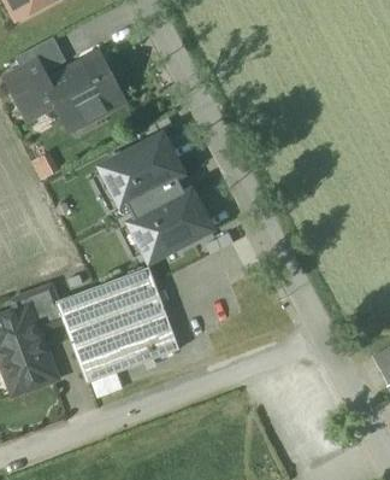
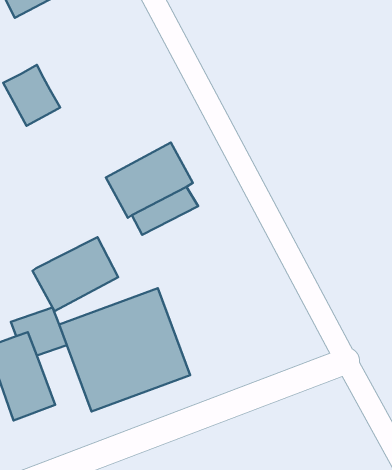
building: [16,36,66,74] -> none
building: [49,53,123,119] -> none
building: [131,191,211,259] -> [32,237,118,311]

